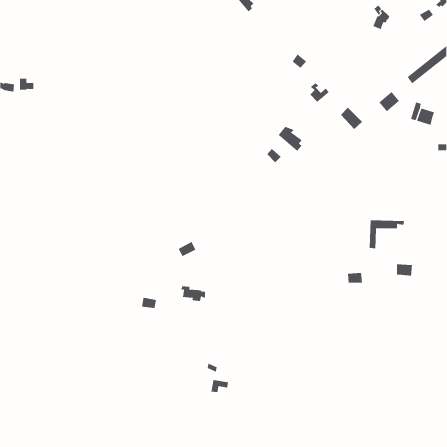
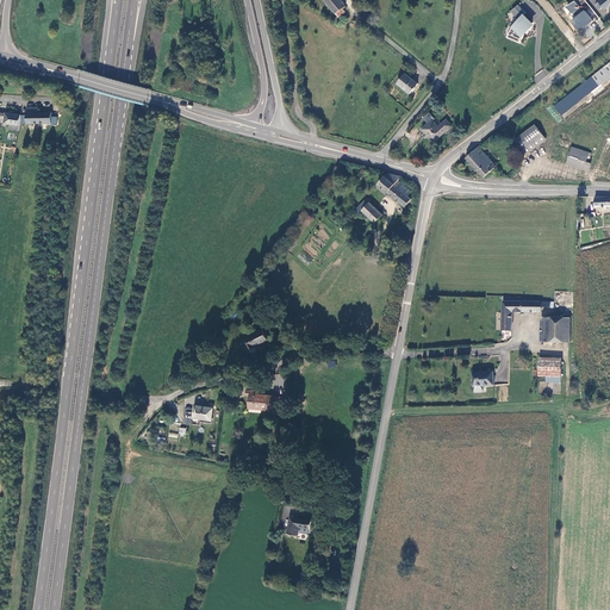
building: none -> [541,316,564,341]

